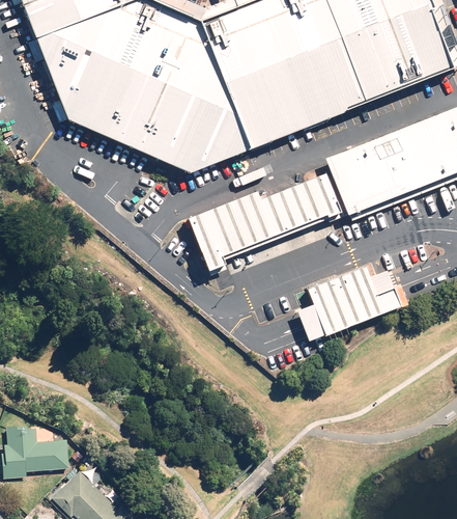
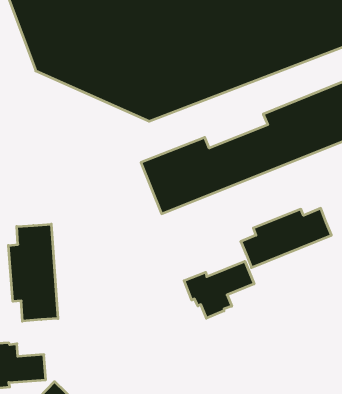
building: none -> [8,224,58,321]
building: none -> [184,261,254,318]

